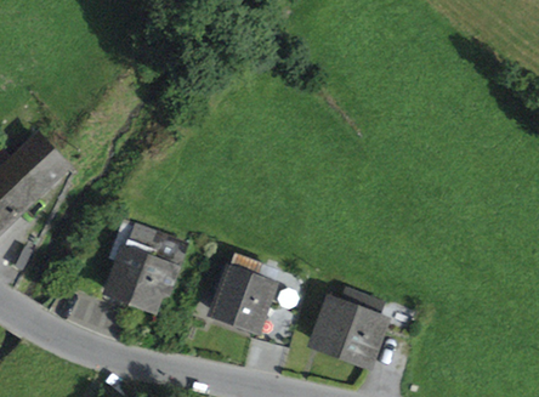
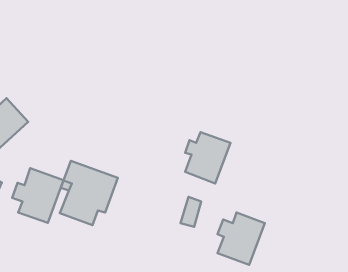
building: none -> [12,168,64,223]
building: [214,261,274,330] -> [185,132,230,184]

